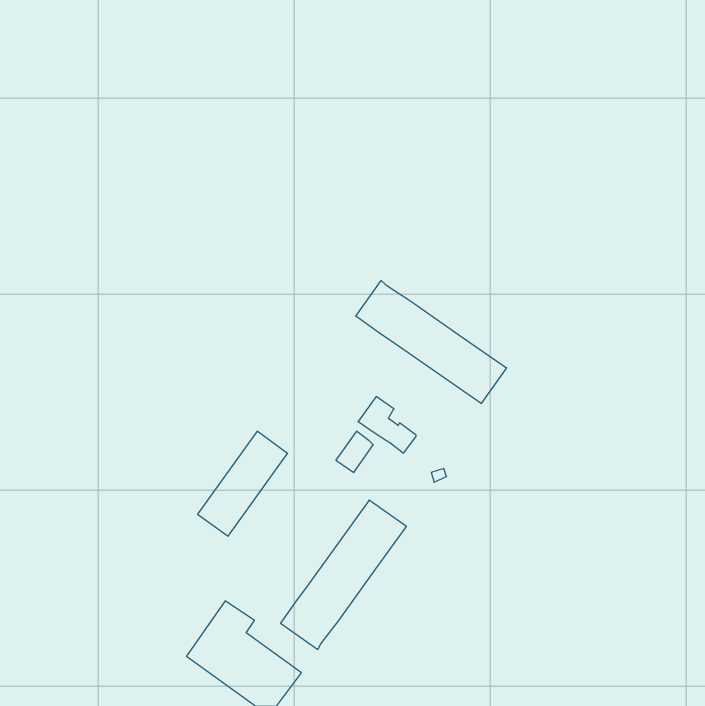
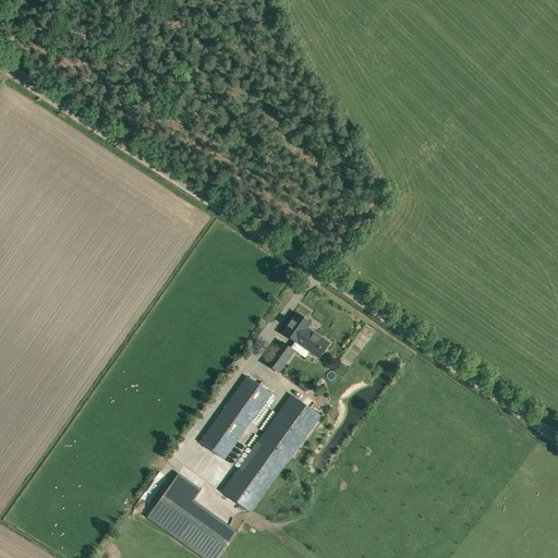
building: [356,281,507,404] -> none
building: [198,431,288,536] -> [201,376,271,459]

